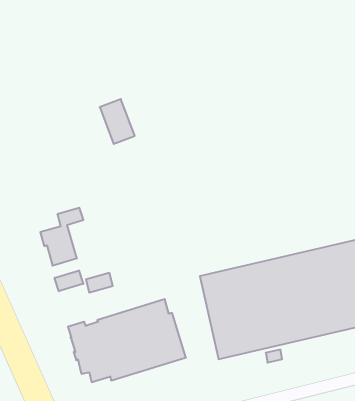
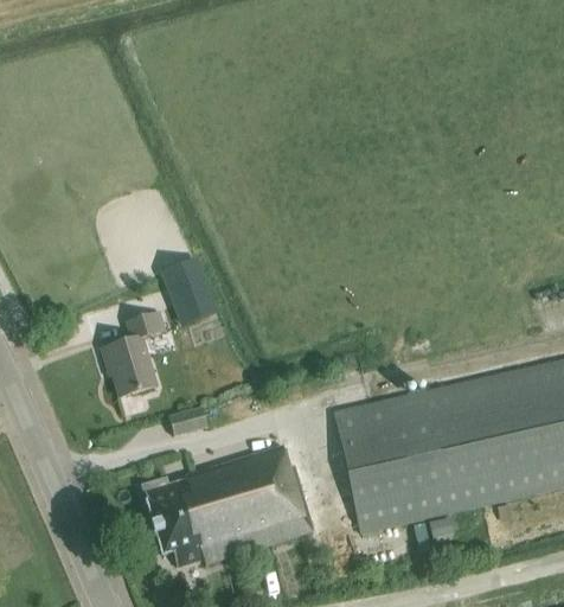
building: [100,99,135,144] -> [166,258,217,324]
building: [55,270,83,291] -> none

